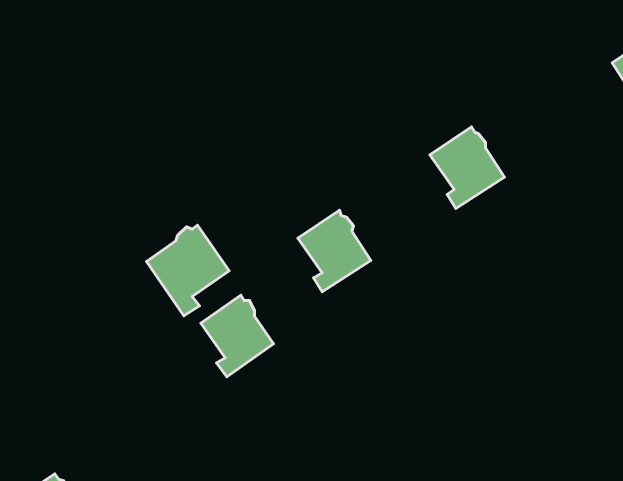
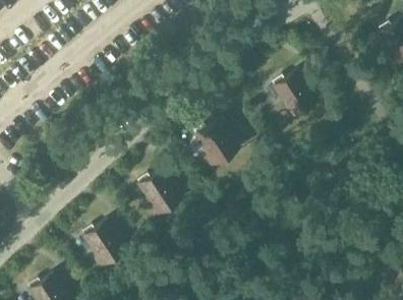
building: [147,225,229,316] -> none
building: none -> [80,226,123,274]

